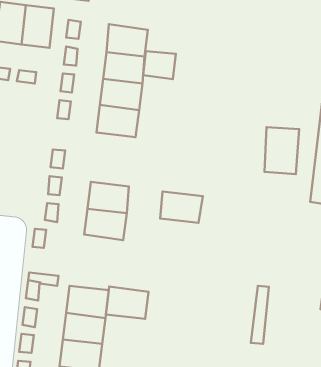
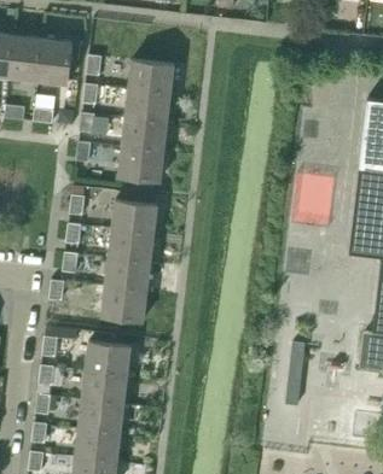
building: [143,51,176,79] -> none
building: [160,192,203,223] -> [111,200,157,234]
building: [106,286,148,319] -> [100,286,146,321]

